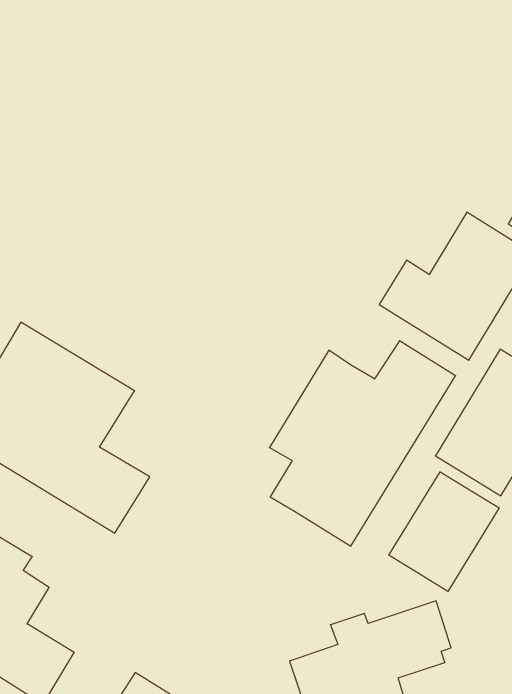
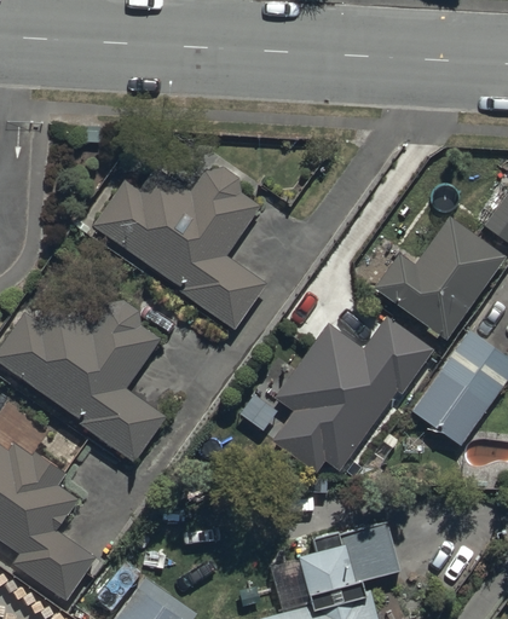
building: none -> [92,166,266,326]
building: [389,472,499,591] -> none

